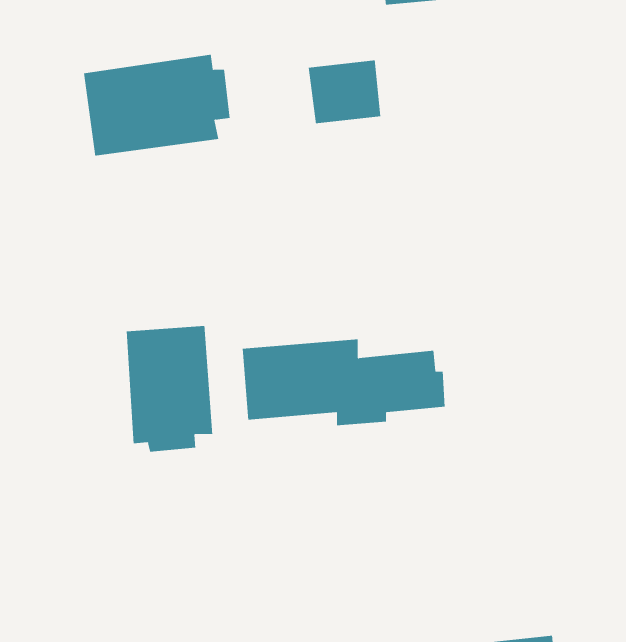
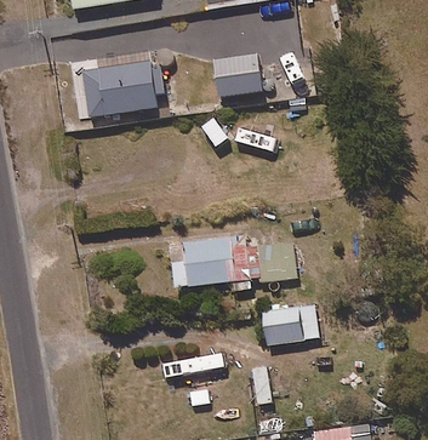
building: [126,325,213,453] -> none
building: none -> [263,304,320,345]

